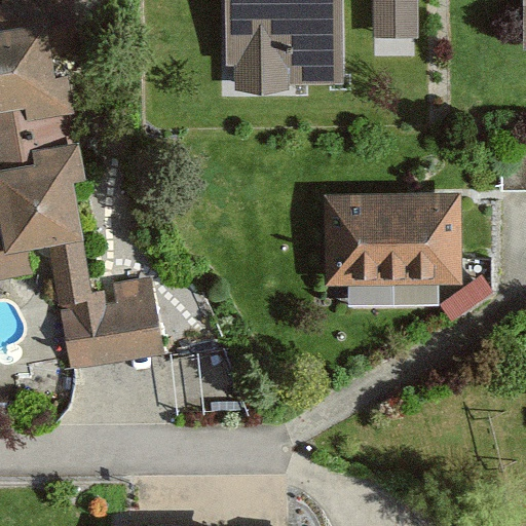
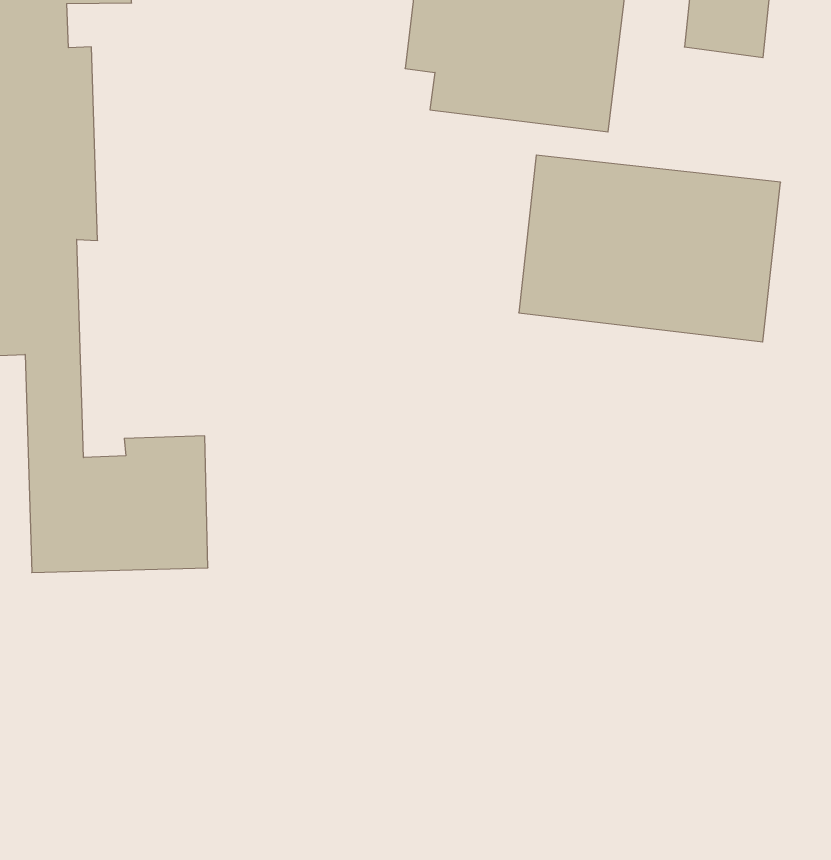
building: [326,195,461,285] -> [519,155,781,342]

